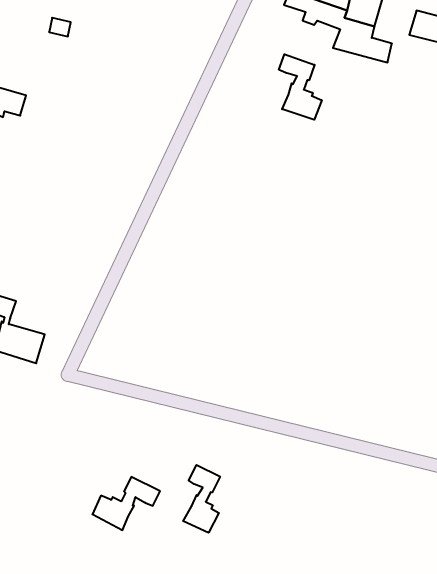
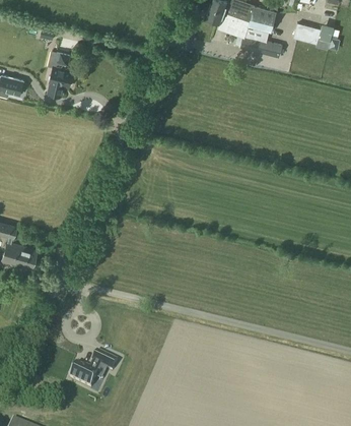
building: none -> [48,51,74,96]
building: [279,54,322,120] -> none
building: [183,465,220,533] -> none

